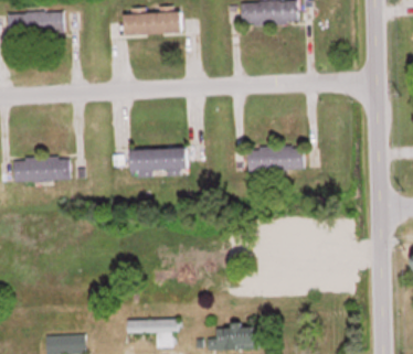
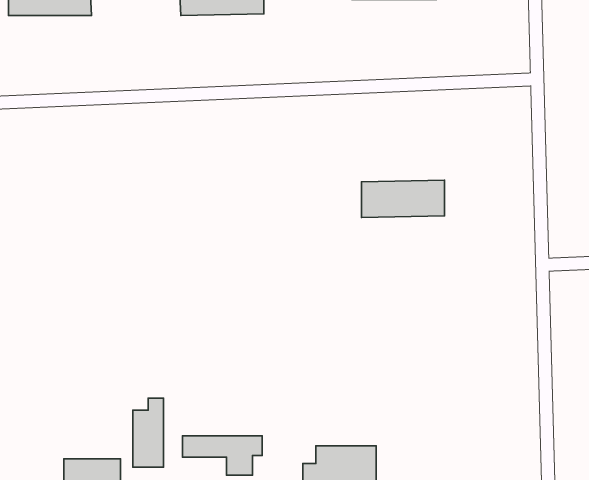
building: [129,148,187,174] -> none
building: [13,157,70,180] -> none
building: none -> [133,398,164,467]

